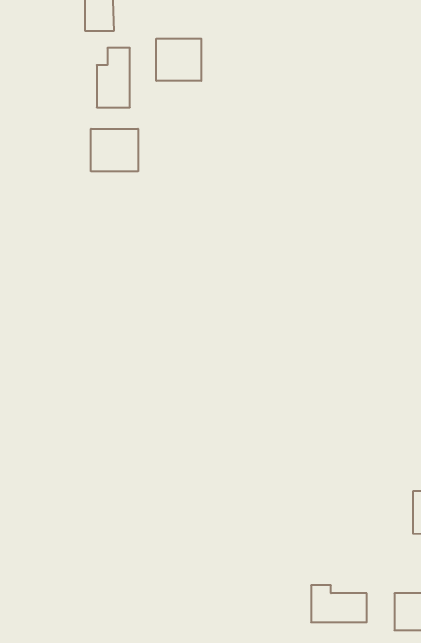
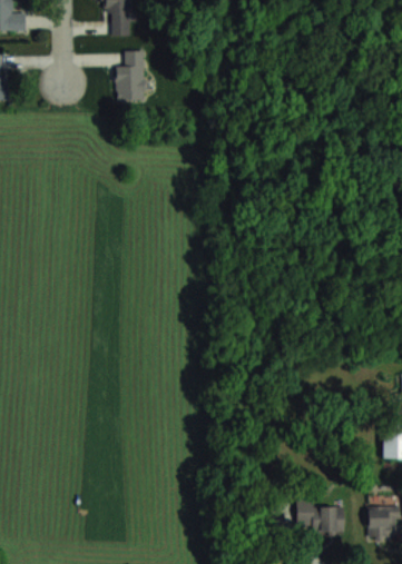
building: [156,39,201,81] -> none
building: [91,129,138,171] -> none

